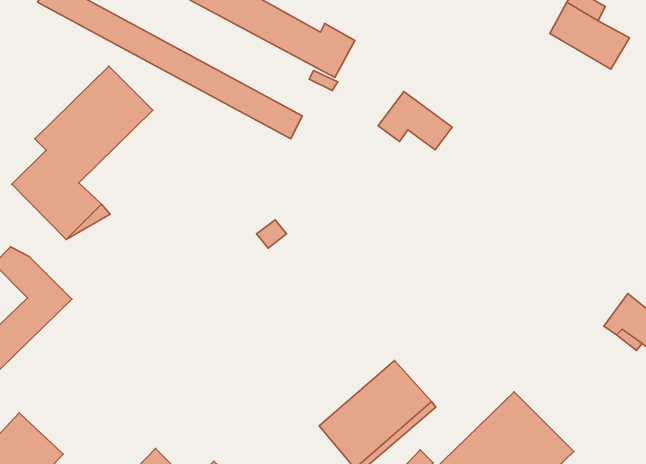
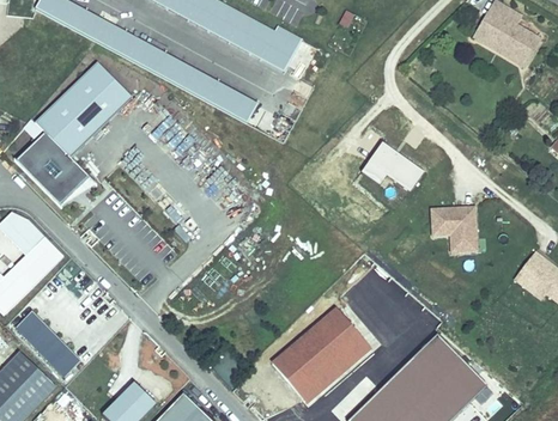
building: [378,92,452,150] -> [360,141,423,190]
building: none -> [432,203,480,251]
building: none -> [16,311,80,377]

